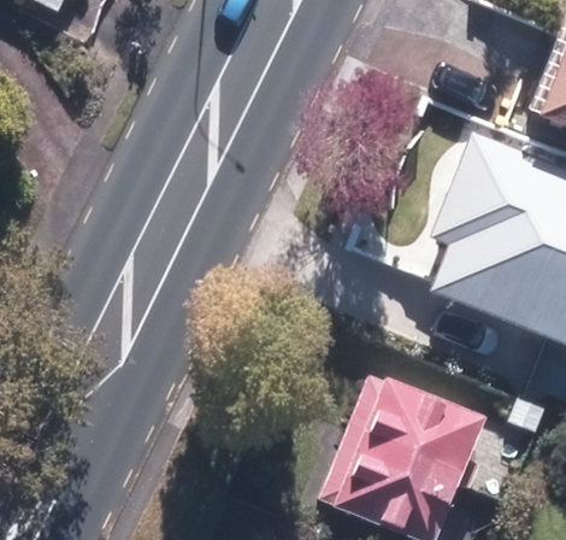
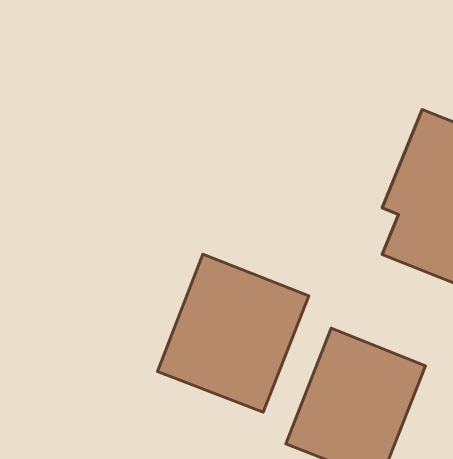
building: none -> [158,254,309,412]

